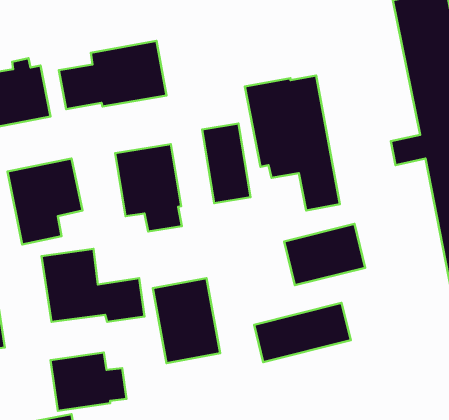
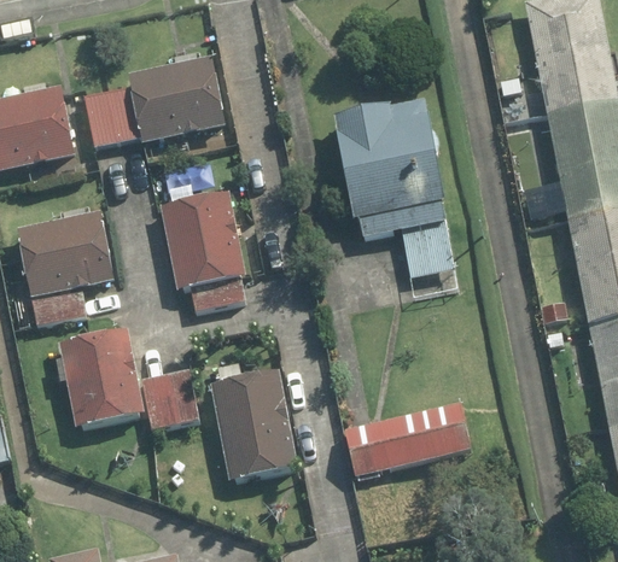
building: [202,123,250,203] -> none
building: [284,224,365,285] -> none
building: [51,353,126,411] -> none

